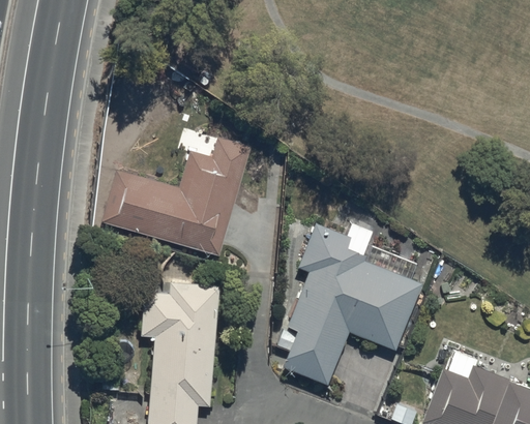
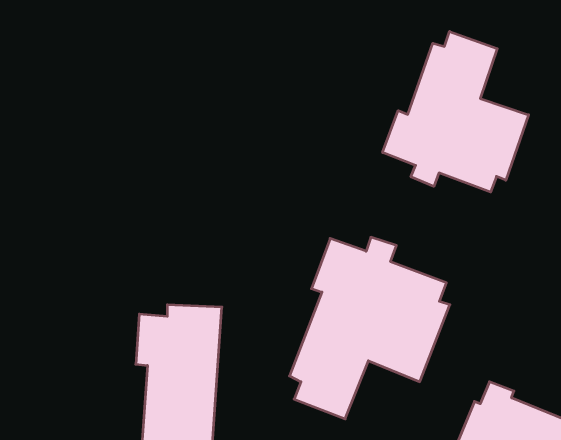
building: none -> [383,31,529,192]
building: [100,138,249,256] -> none

